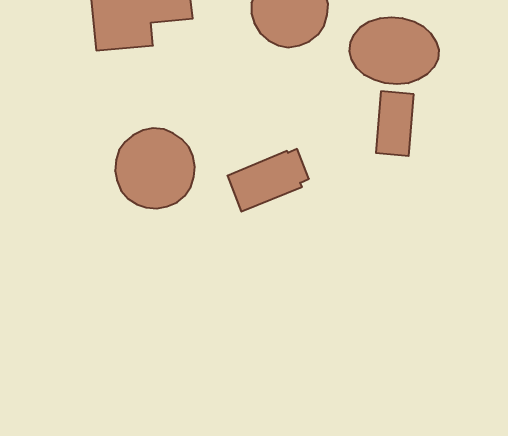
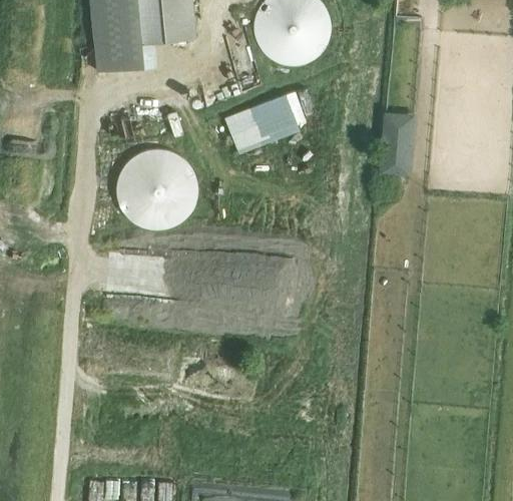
building: [350,17,439,84] -> none
building: [227,149,309,212] -> [224,91,307,154]

